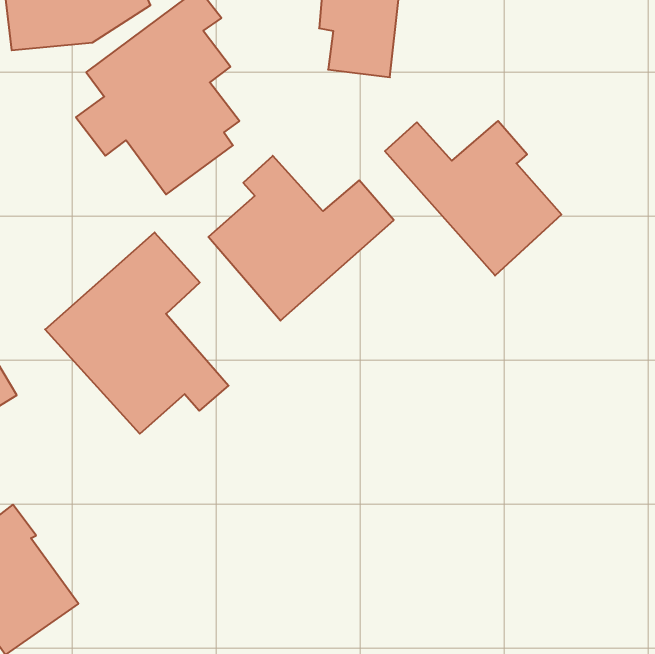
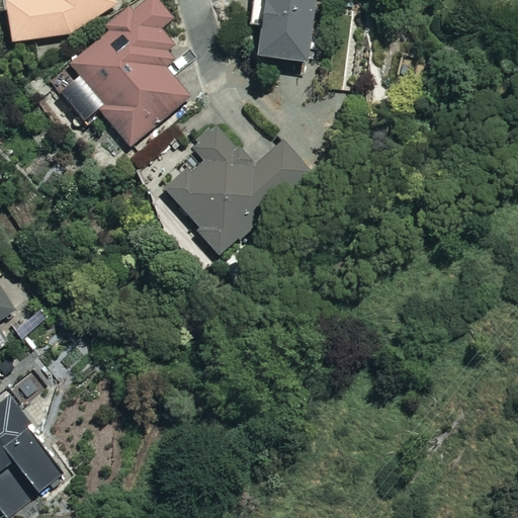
building: [385,121,561,276] -> none
building: [45,232,229,434] -> none

